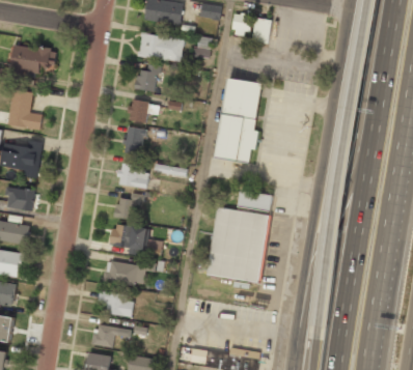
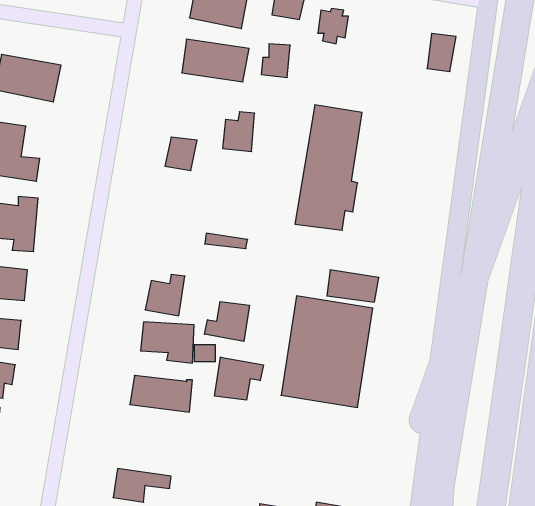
building: [251,18,271,44] -> [427,33,456,72]
building: [135,64,157,91] -> [223,112,255,152]
building: [122,126,144,154] -> none
building: [117,164,147,188] -> none
building: none -> [204,302,249,341]
building: none -> [215,357,263,400]
building: [98,292,133,316] -> none

